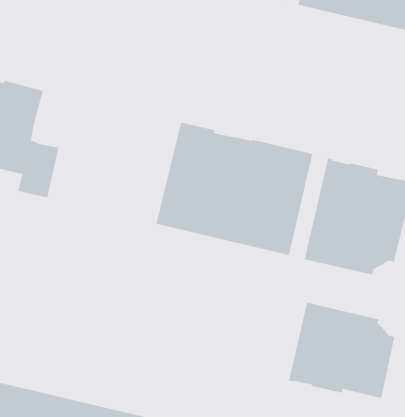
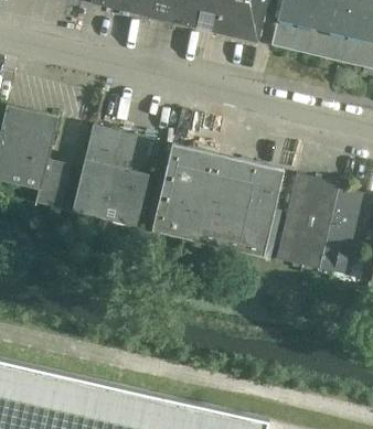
building: none -> [72,124,154,224]
building: [288,302,395,399] -> none

